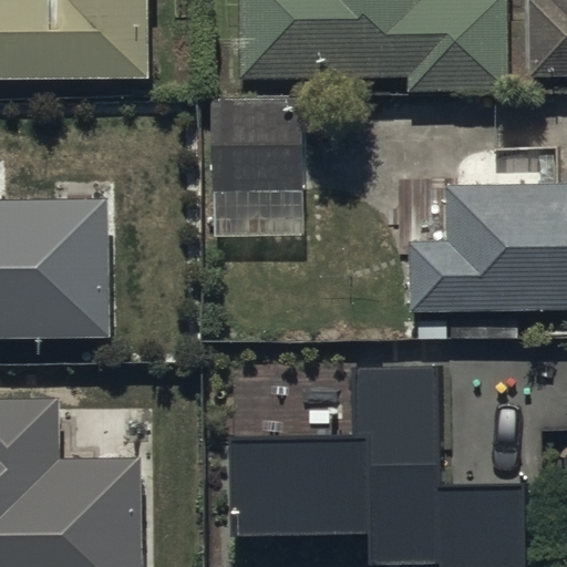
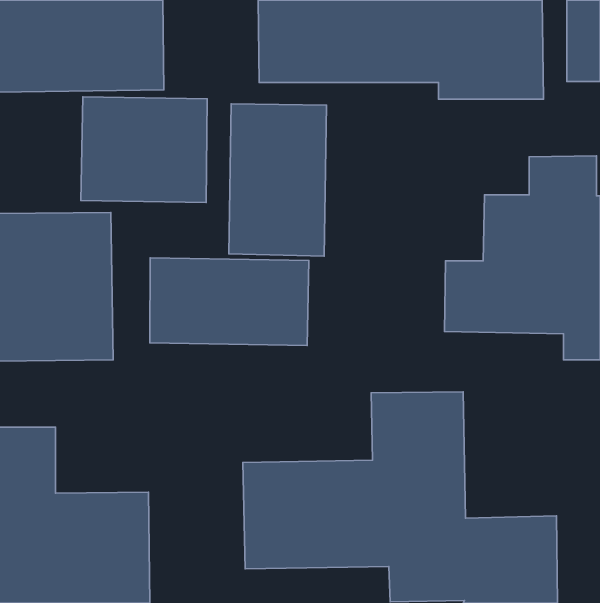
building: none -> [81,97,207,203]
building: none -> [150,258,309,345]

